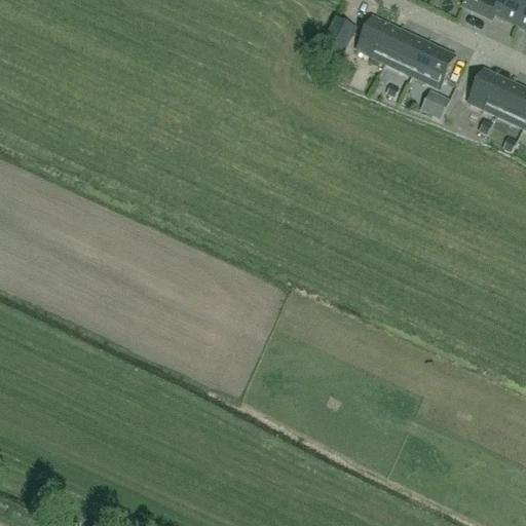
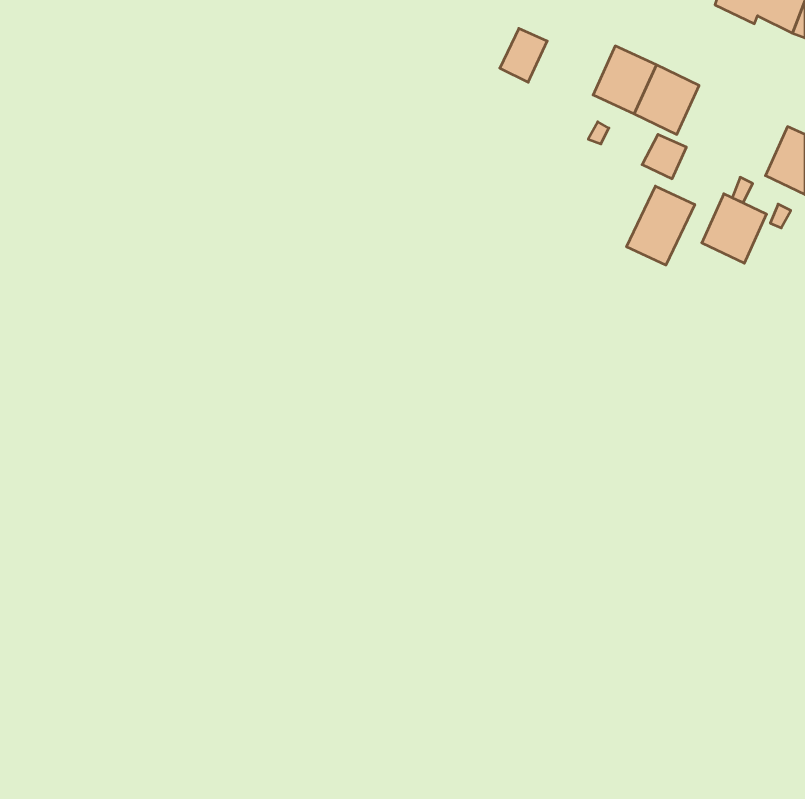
building: [358,16,400,62] -> none
building: [469,69,512,114] -> [702,194,767,263]
building: none -> [627,186,695,265]

